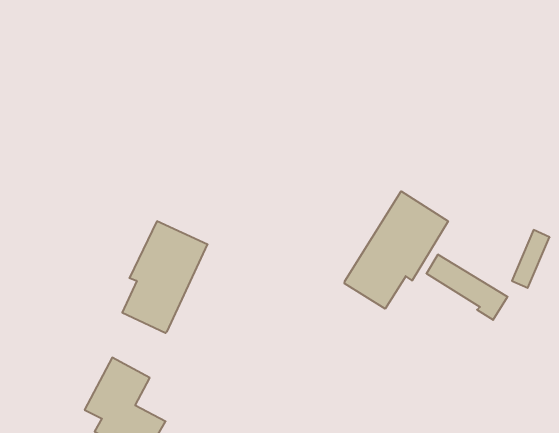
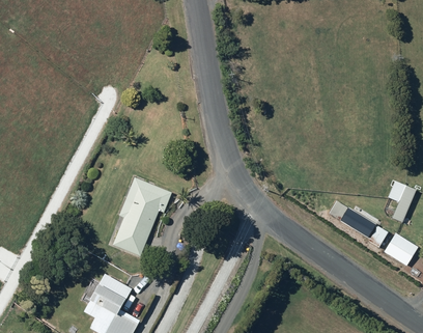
building: [344,191,448,309] -> none
building: none -> [385,232,418,265]

